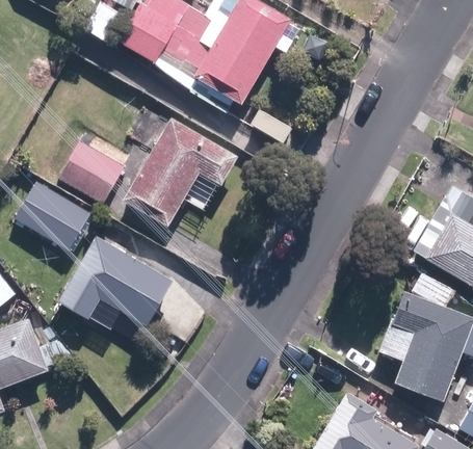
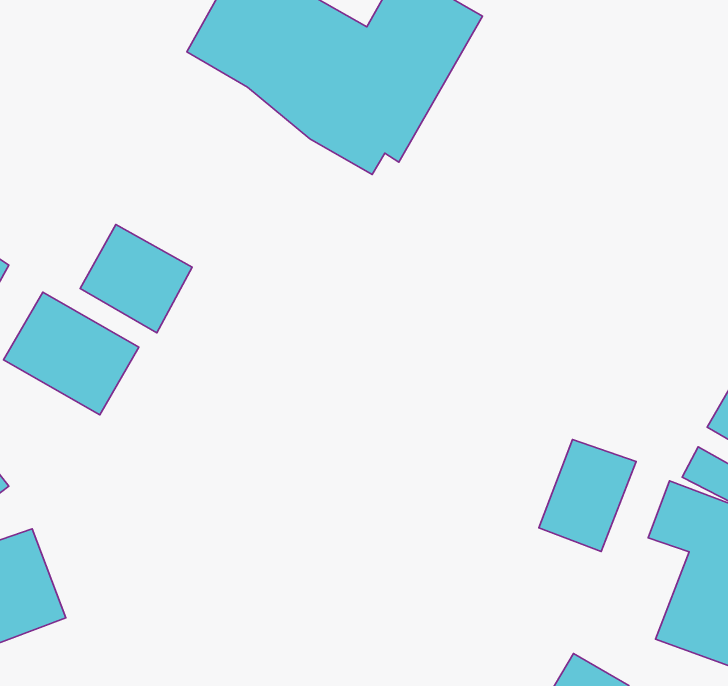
building: [123,117,238,227] -> none
building: [57,235,173,325] -> none
building: none -> [539,439,636,552]

